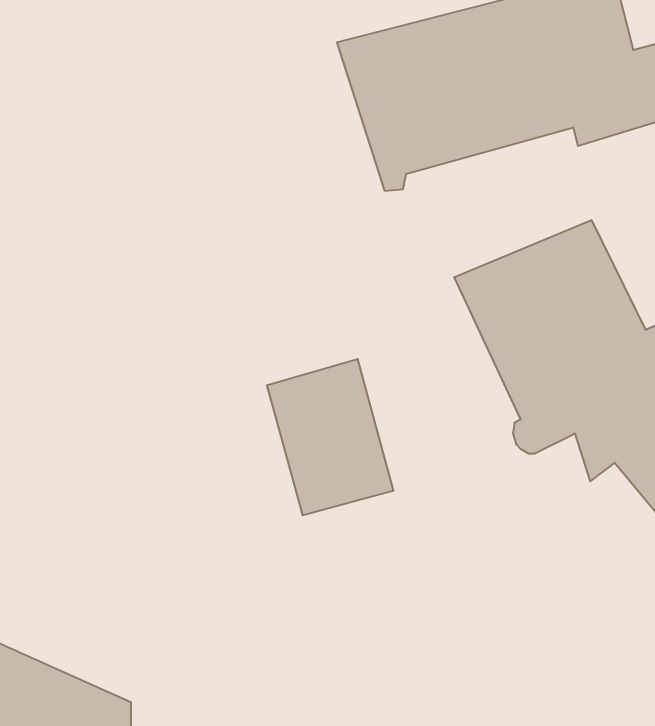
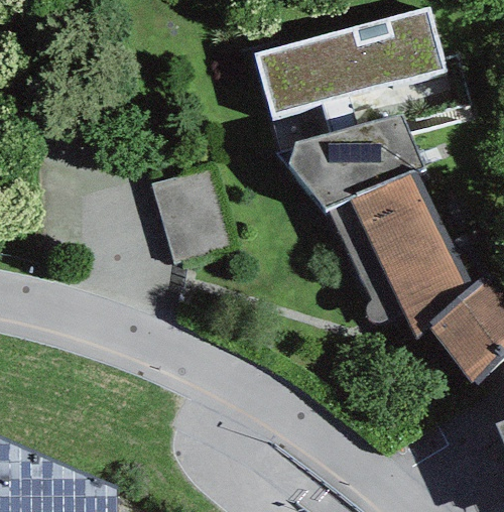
building: none -> [279,111,422,209]
building: [267,359,394,515] -> [151,166,234,268]

